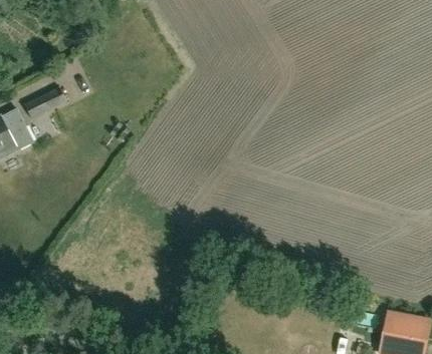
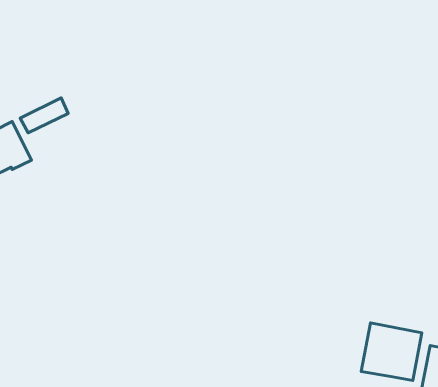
building: none -> [361,323,422,381]

